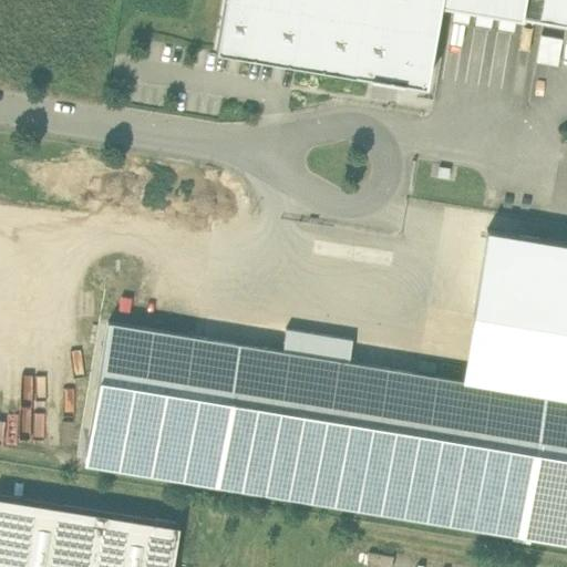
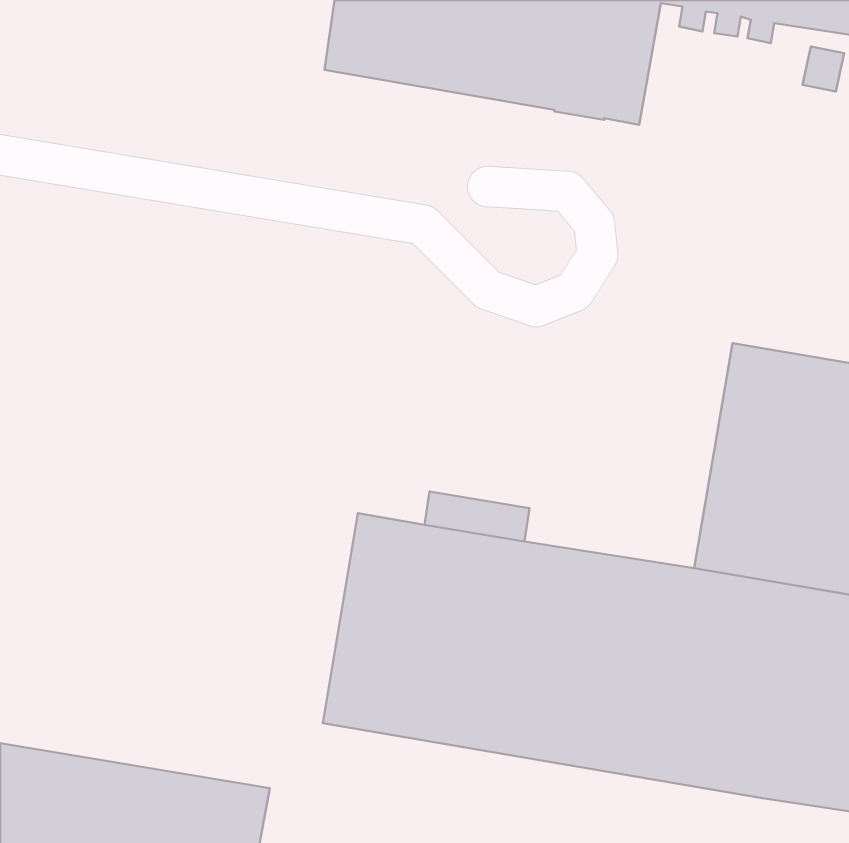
building: [85,326,239,486] -> none

